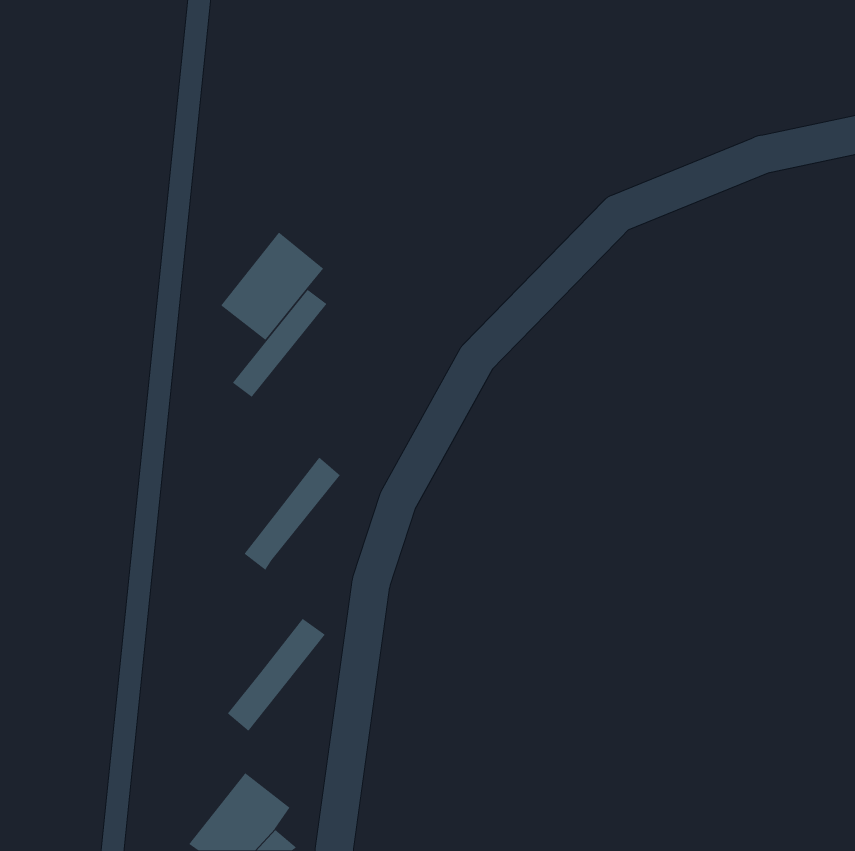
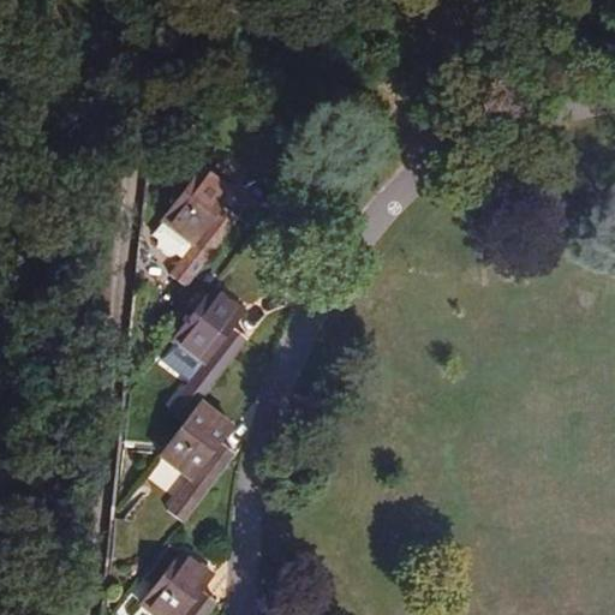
building: none -> [168,287,243,364]
building: none -> [156,401,231,480]

